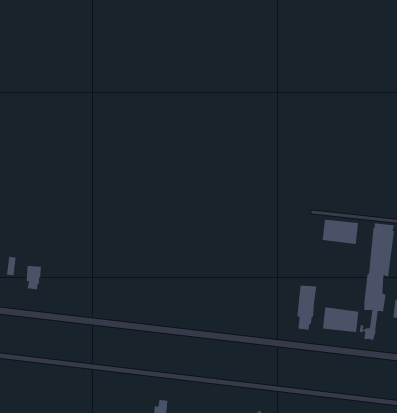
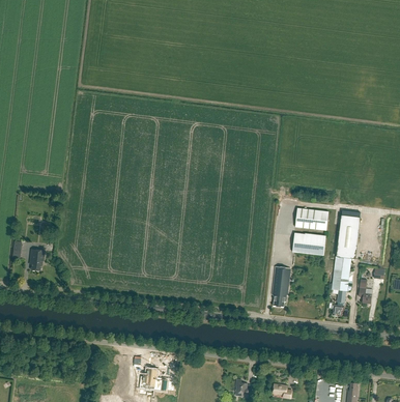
building: [322,307,359,332] -> [292,233,325,256]

